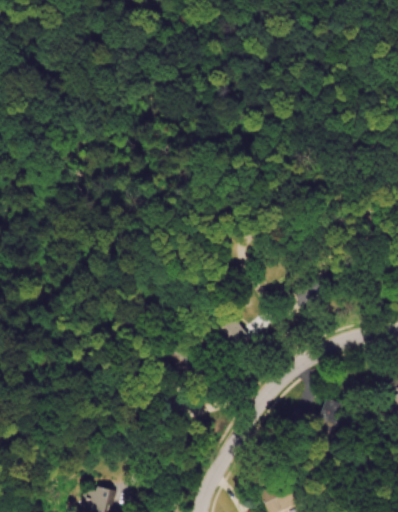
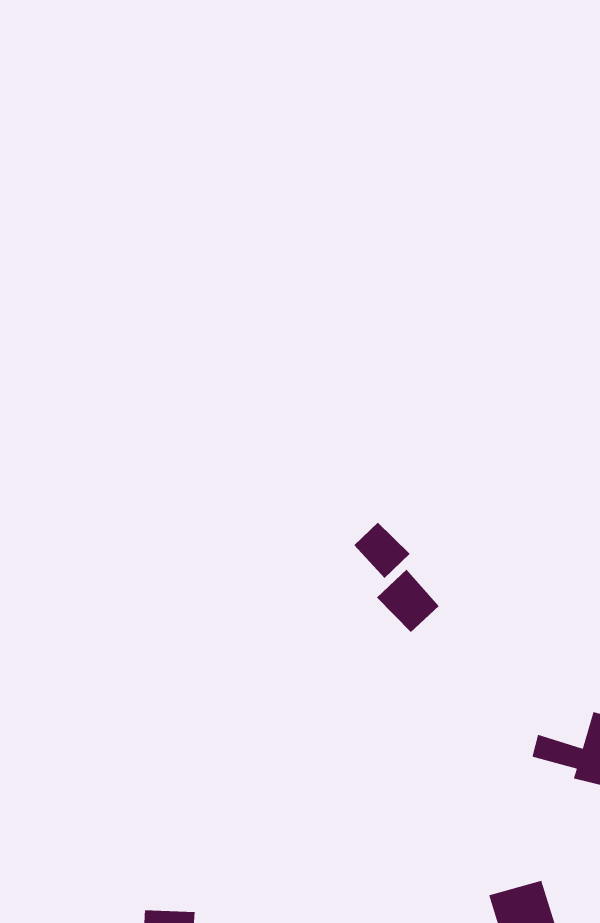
building: none -> [353,522,411,579]

